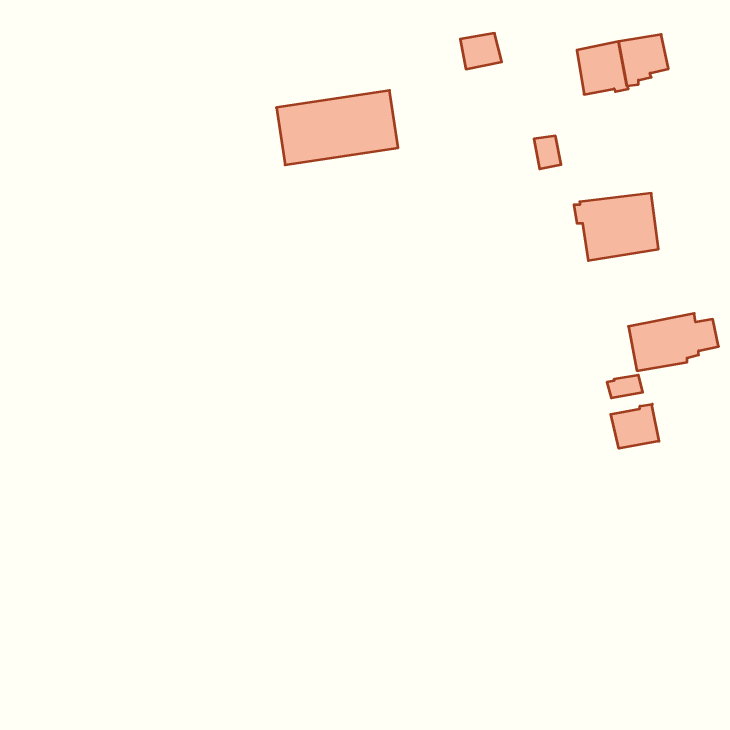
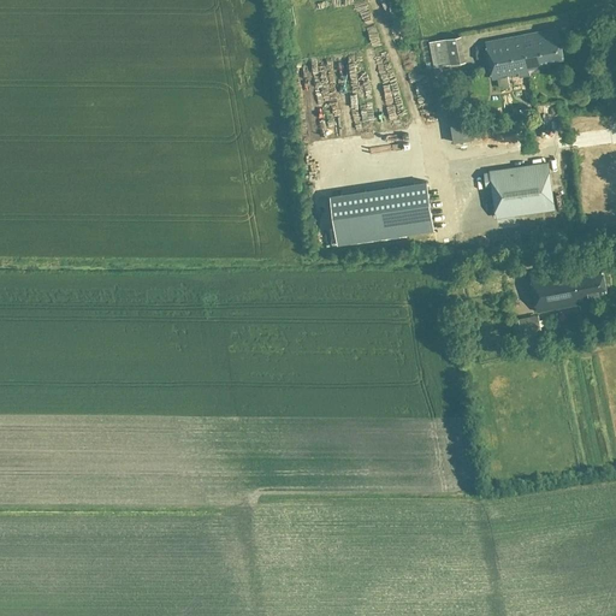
building: [460,33,502,69] -> [428,38,463,69]
building: [276,90,398,165] -> [330,183,432,245]
building: [611,404,659,448] -> none

